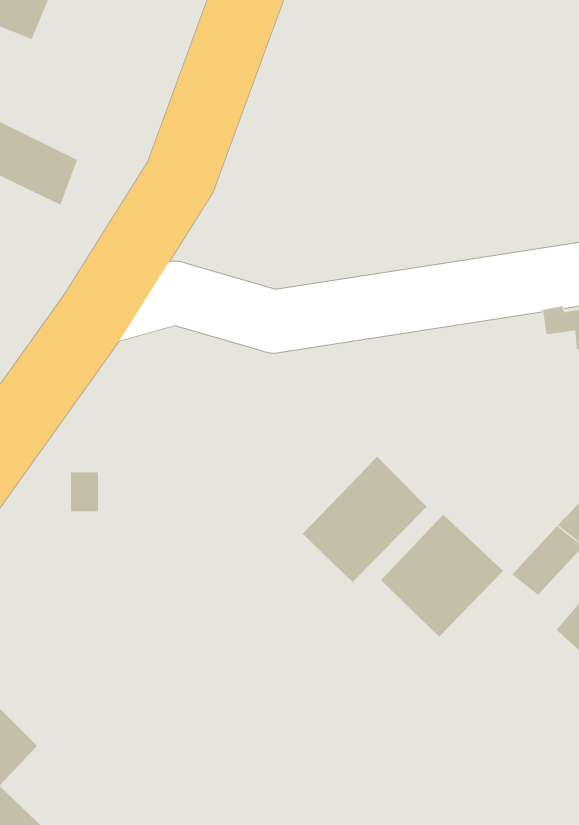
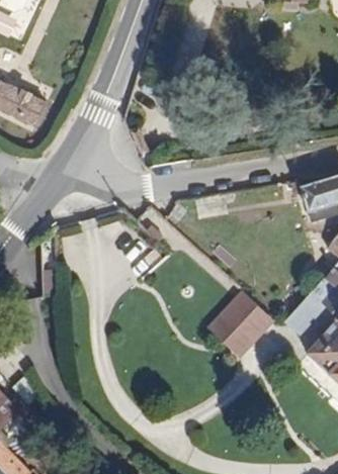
building: [302,456,427,583] -> none

